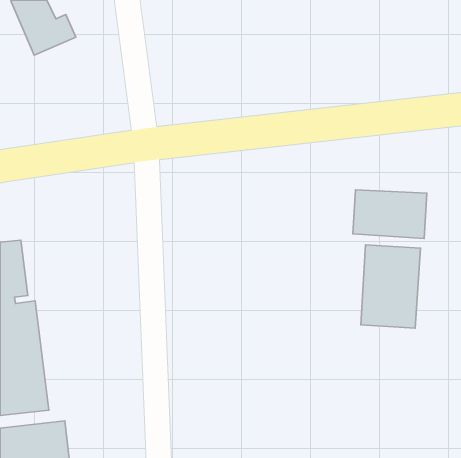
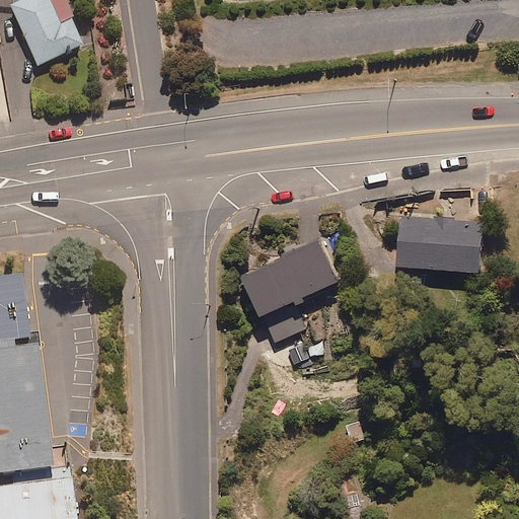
building: none -> [239,237,338,346]
building: [361,245,421,328] -> none

